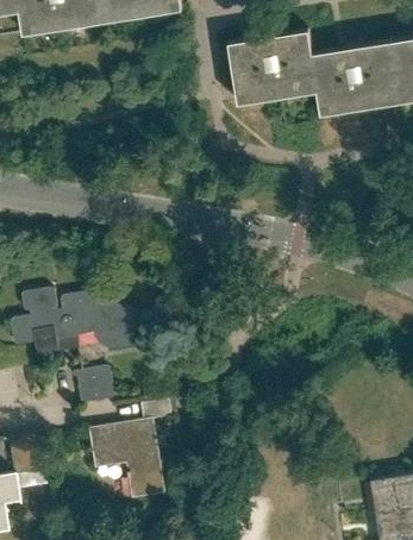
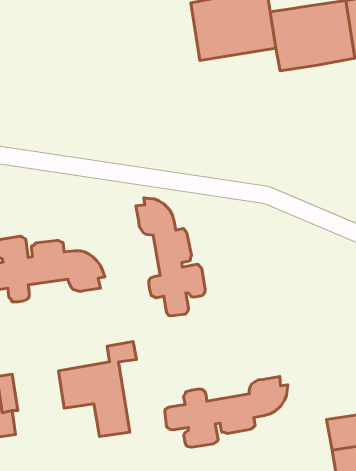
building: none -> [136,198,205,316]
building: [74,366,114,404] -> none
building: none -> [165,377,288,447]

